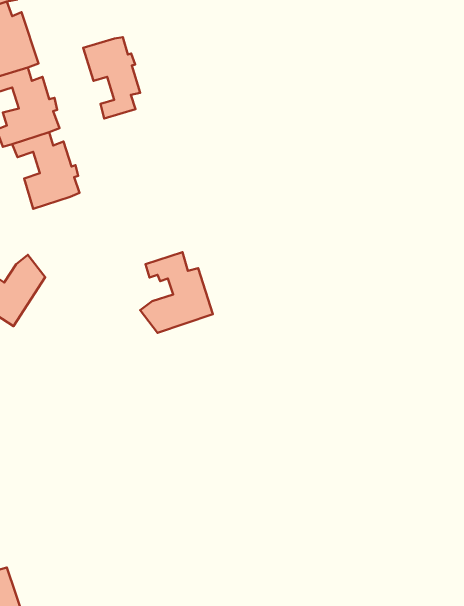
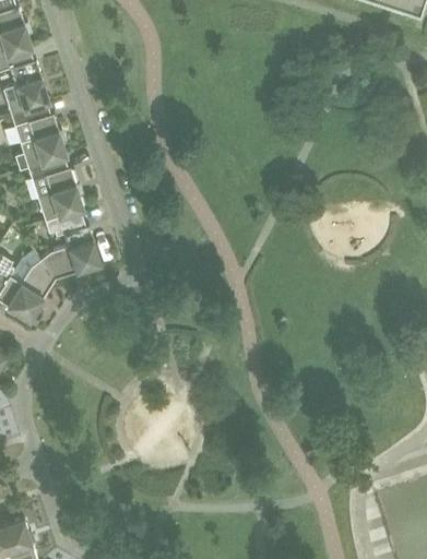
building: [83,37,140,119] -> none
building: [140,252,213,333] -> [39,211,99,277]

